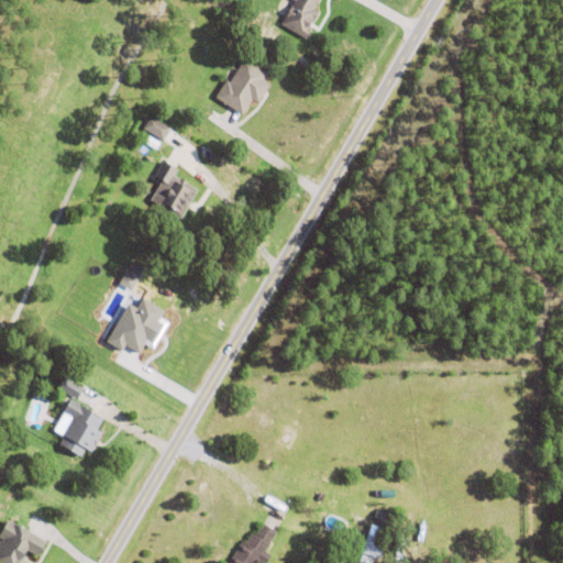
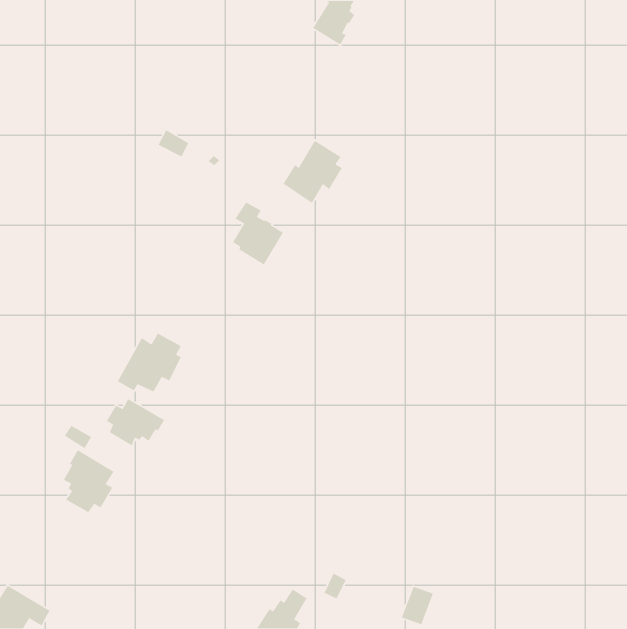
building: [214,59,268,117] -> [283,140,343,204]
building: [151,164,197,221] -> [232,202,284,266]
building: none -> [106,398,165,446]

